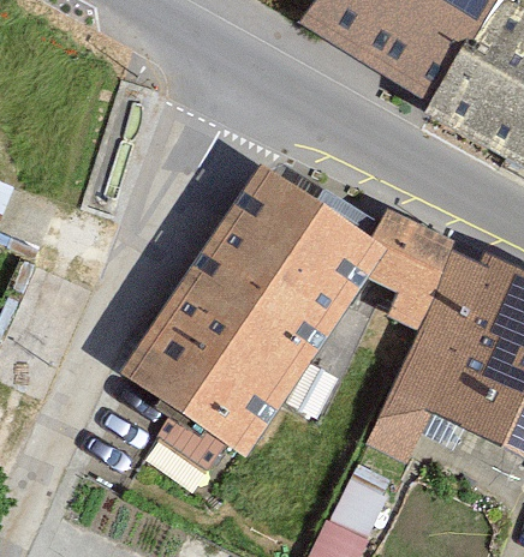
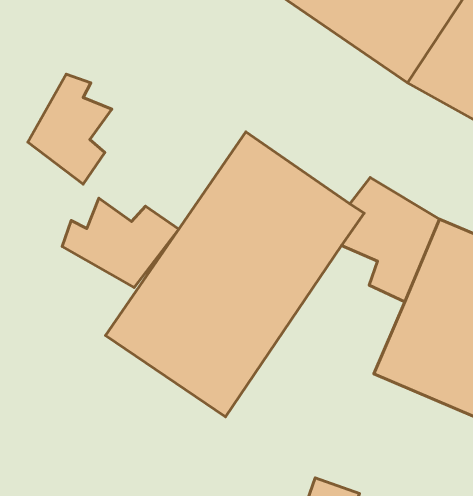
building: none -> [28,74,112,184]
building: none -> [62,198,179,288]

